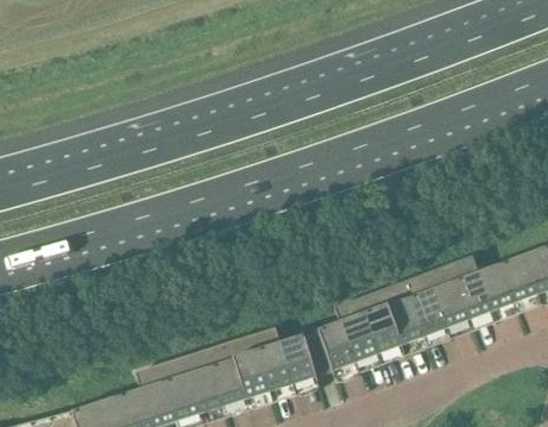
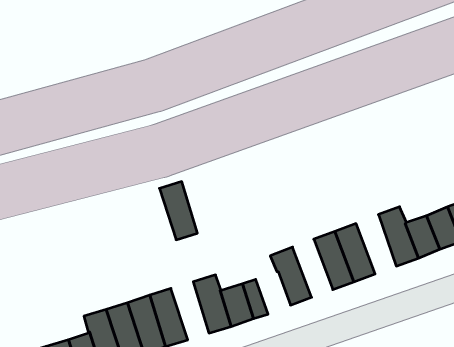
building: [428,262,471,325] -> none
building: [360,288,403,350] -> none
building: [321,322,358,368] -> none
building: [231,333,271,395] -> [159,182,197,240]

